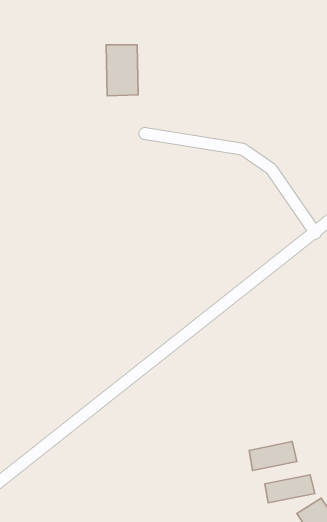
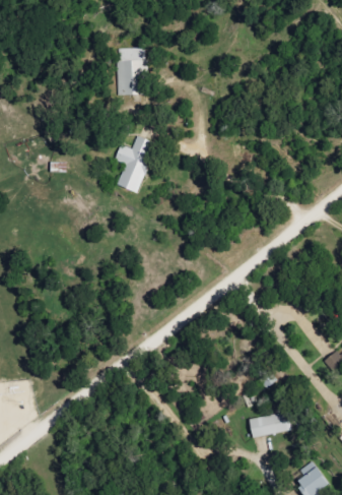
building: none -> [114,136,155,192]
building: [265,475,315,503] -> none

